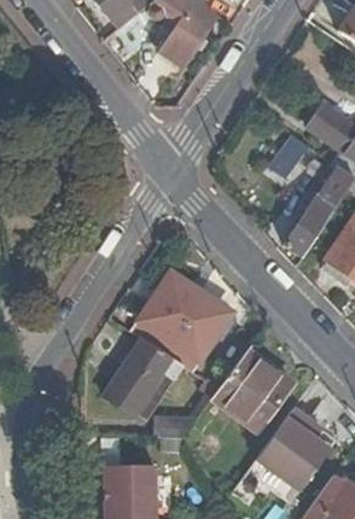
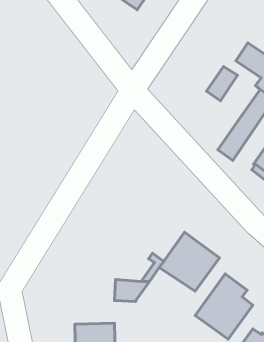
building: [135,269,223,358] -> none
building: [101,337,180,418] -> none

